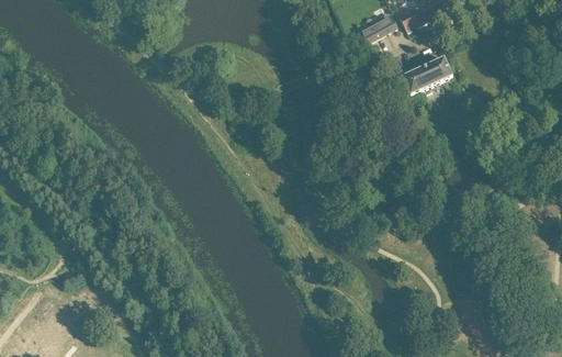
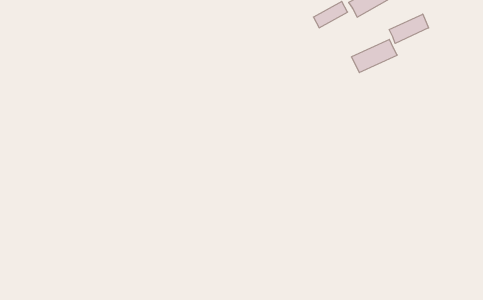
building: none -> [389,14,429,43]

